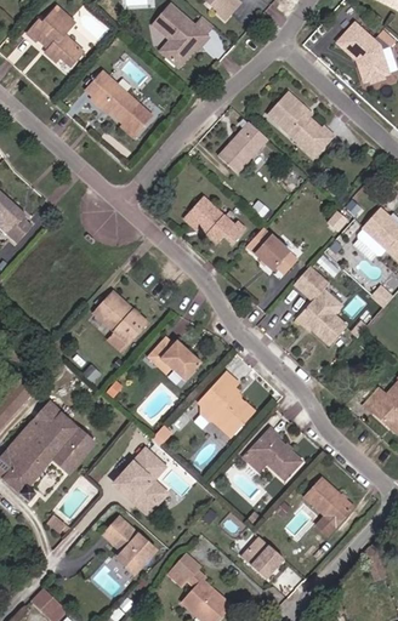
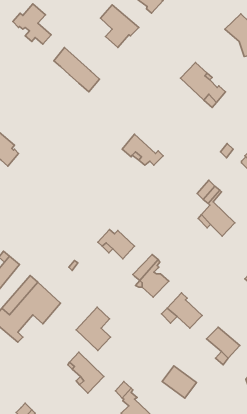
building: [218,124,268,175] -> none
building: [245,226,296,269] -> none
building: [93,292,144,342] -> none

